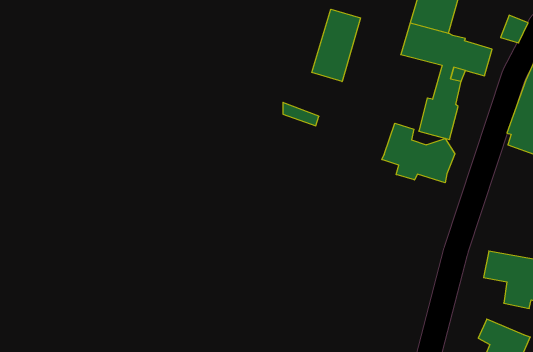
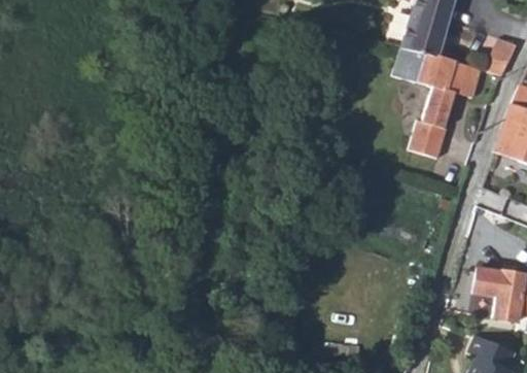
building: [312,9,360,82] -> none
building: [382,123,455,183] -> none

